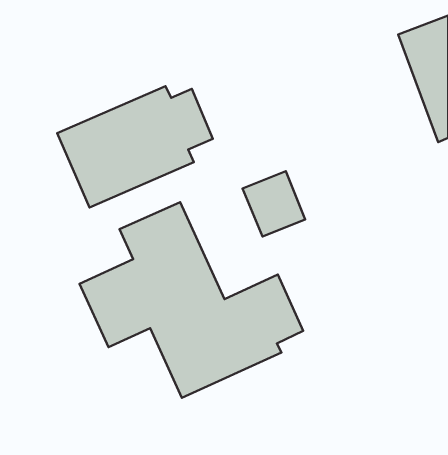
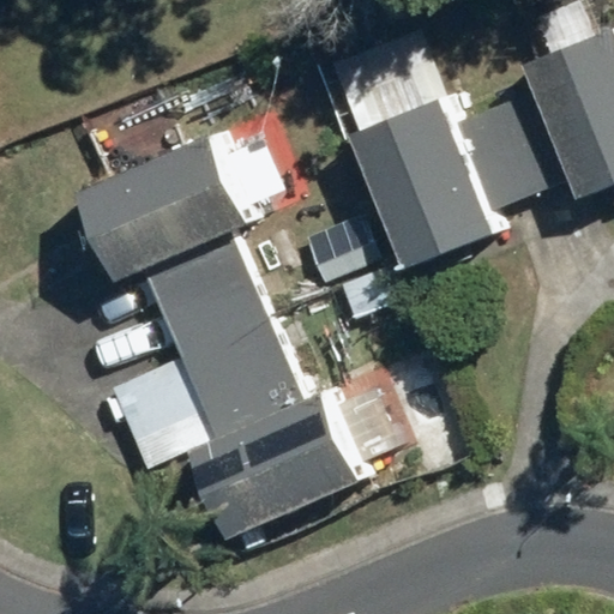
building: none -> [348,71,542,267]

